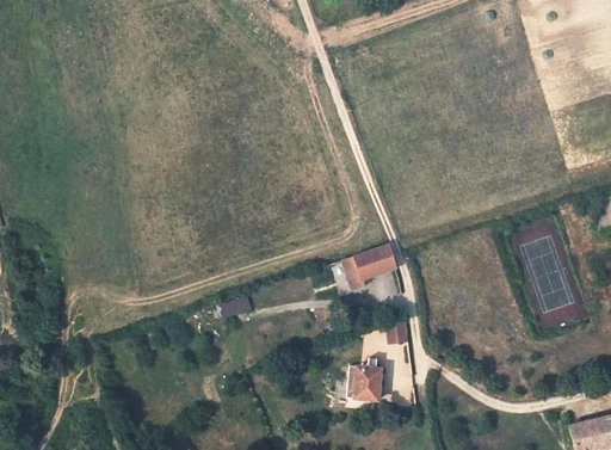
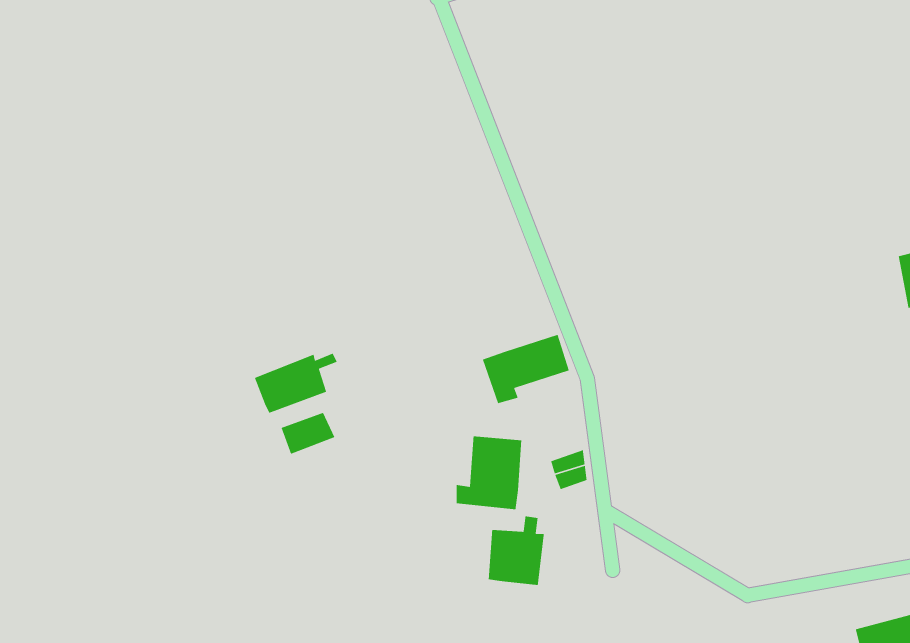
building: none -> [254,352,338,414]
building: none -> [456,436,522,510]

